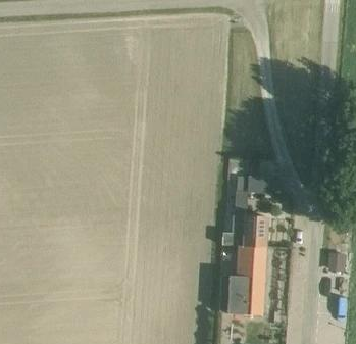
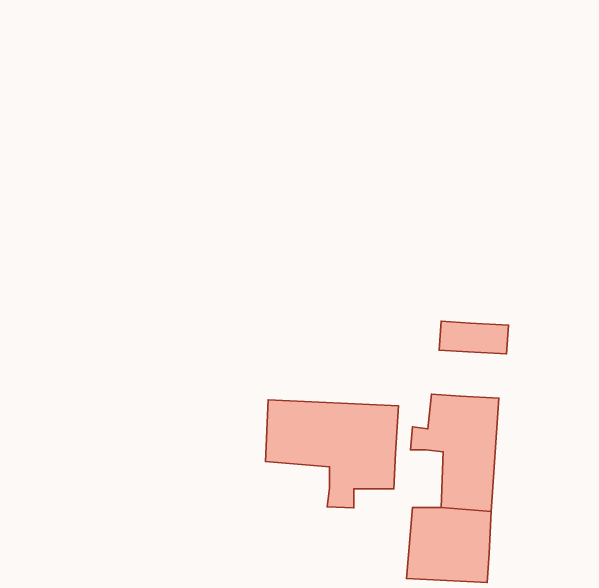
building: none -> [266,400,399,508]

